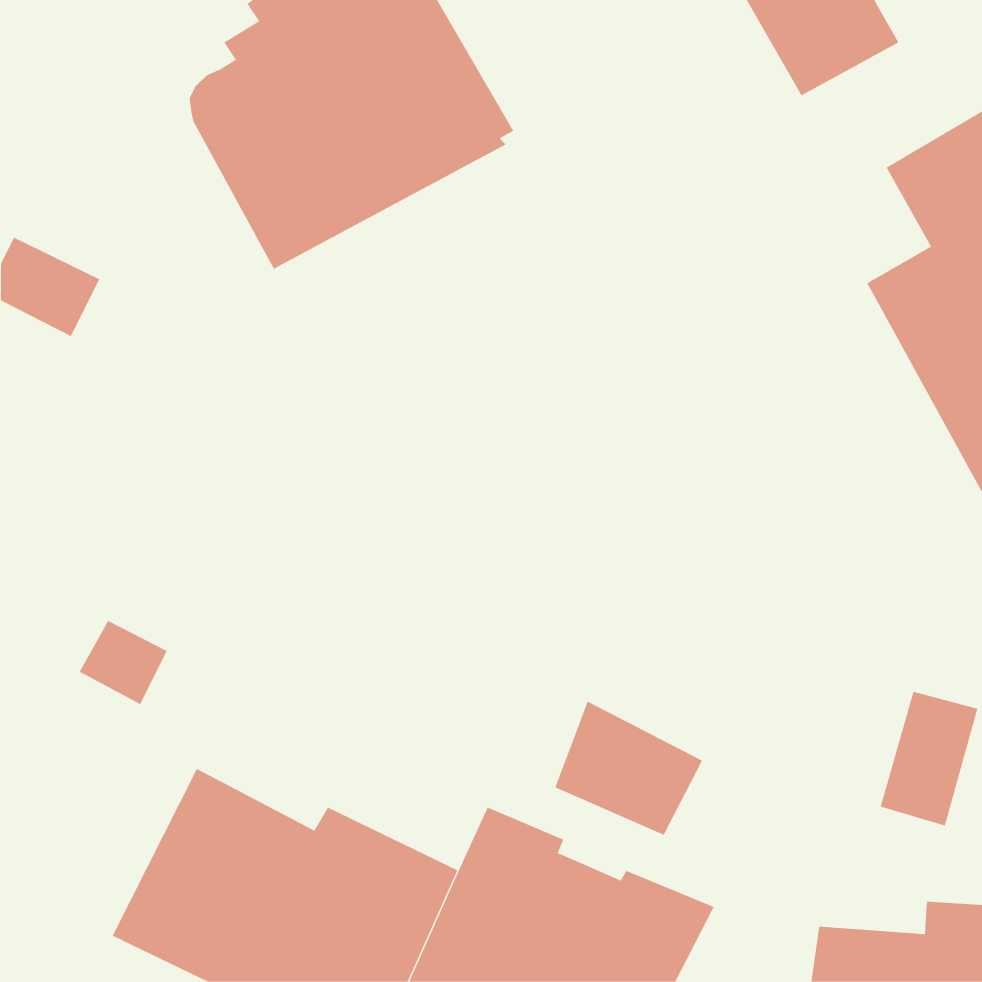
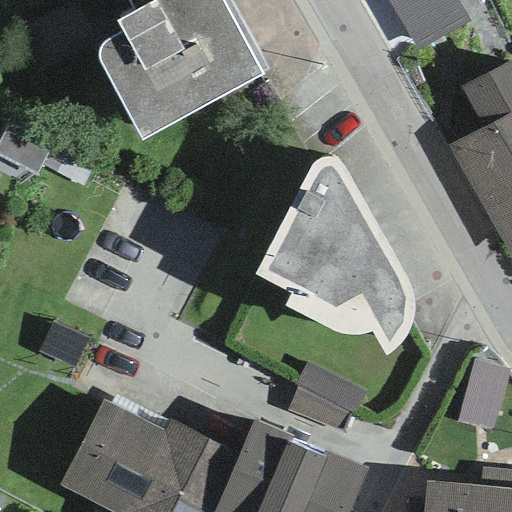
building: none -> [256,158,414,356]

